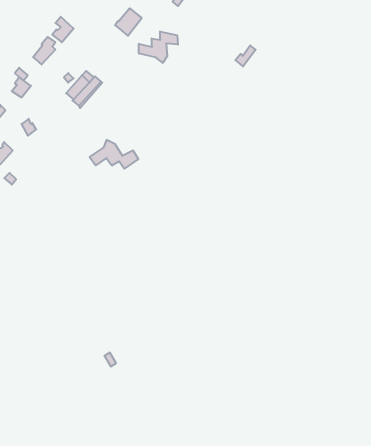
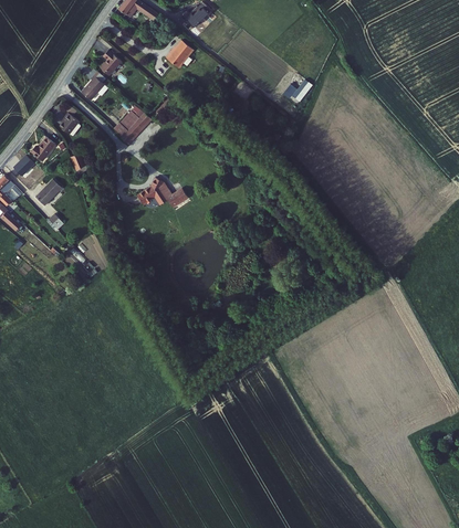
building: [139,31,178,63] -> none

